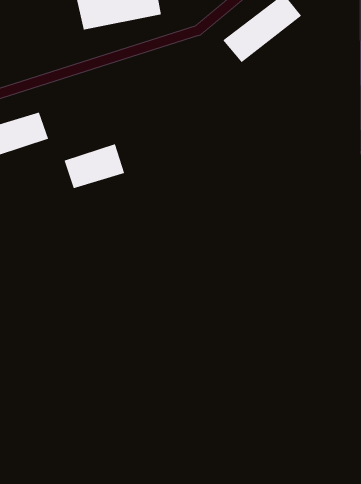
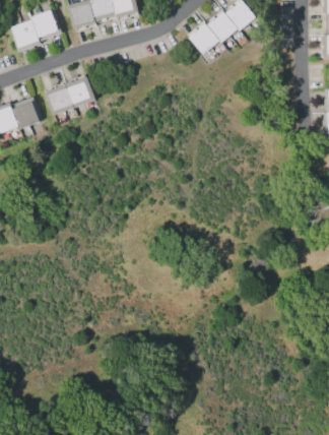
building: none -> [8,9,62,51]
building: [63,143,125,189] -> [45,75,96,114]

